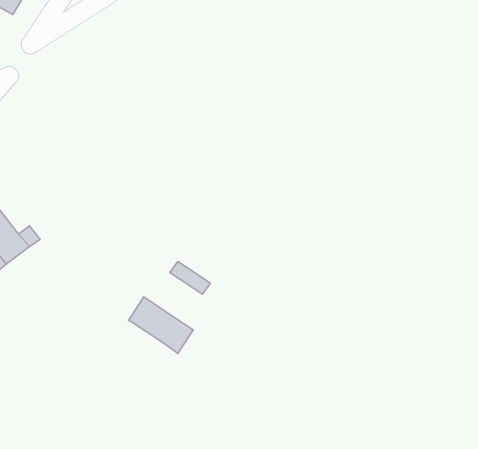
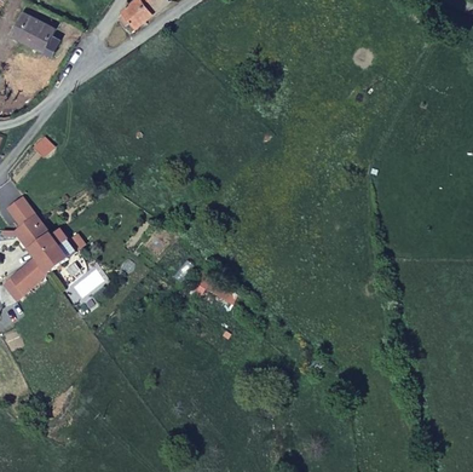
building: [129,297,193,354] -> none

